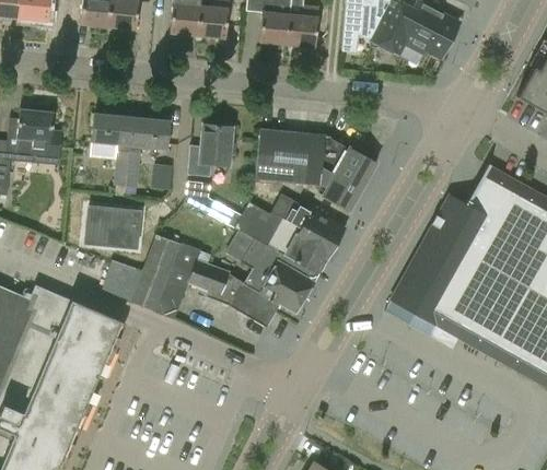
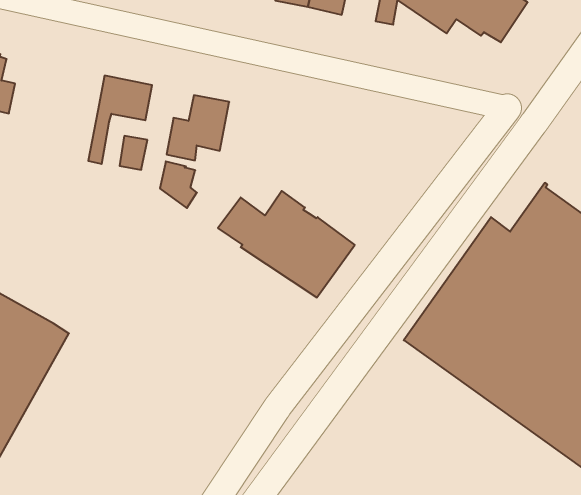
building: [89,114,131,186] -> none
building: [256,129,376,211] -> none
building: [84,207,139,247] -> none
building: [101,235,318,327] -> none

